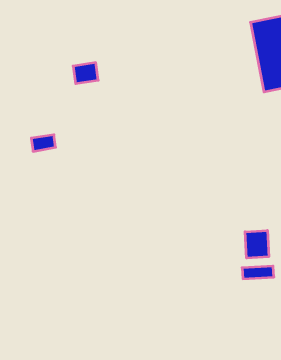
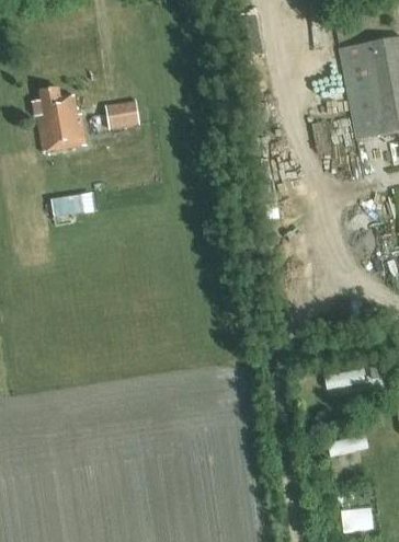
building: none -> [33,88,86,151]
building: [245,230,269,258] -> none

